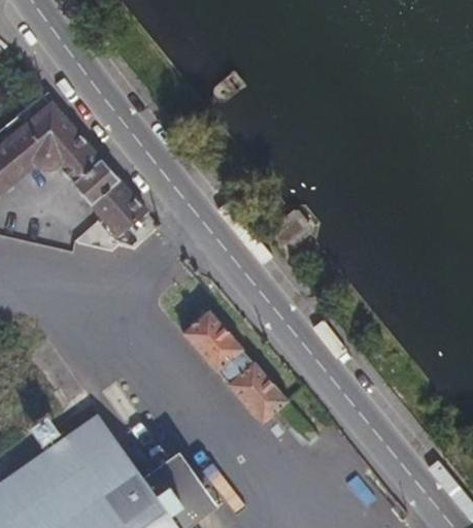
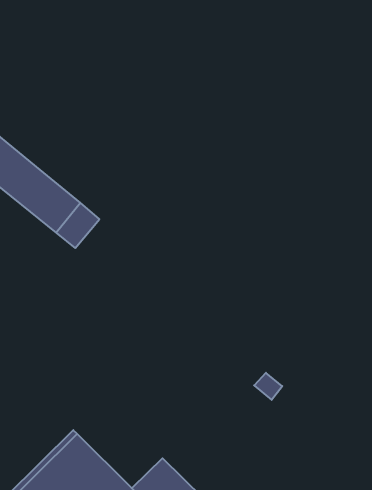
building: [182,306,285,417] -> none

